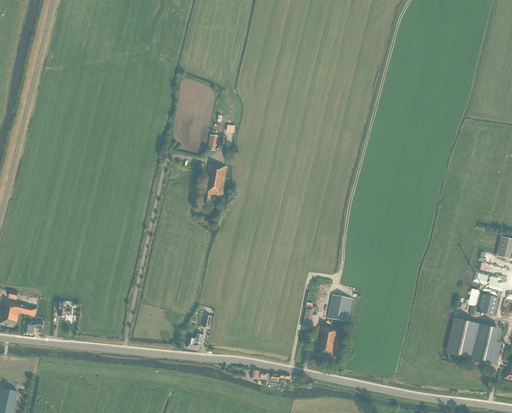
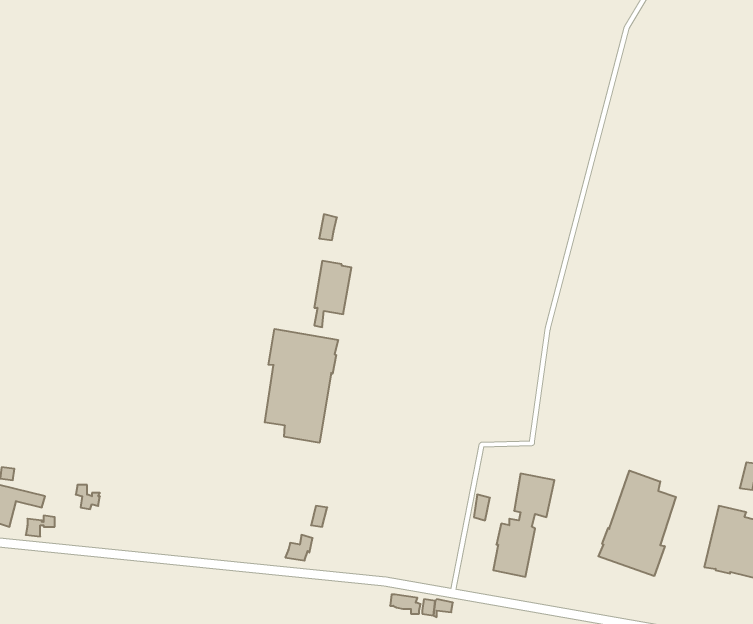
building: none -> [265,329,338,443]
building: none -> [598,471,676,576]

